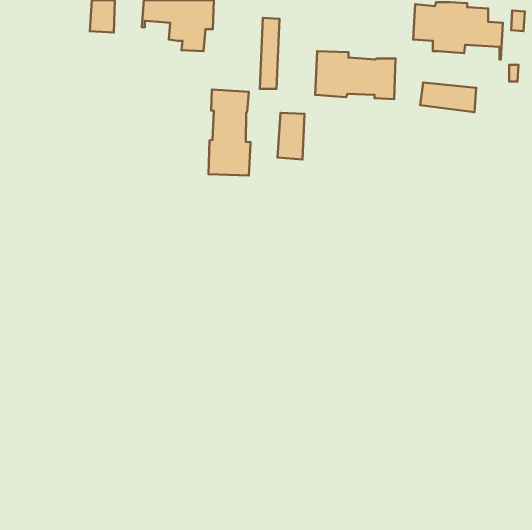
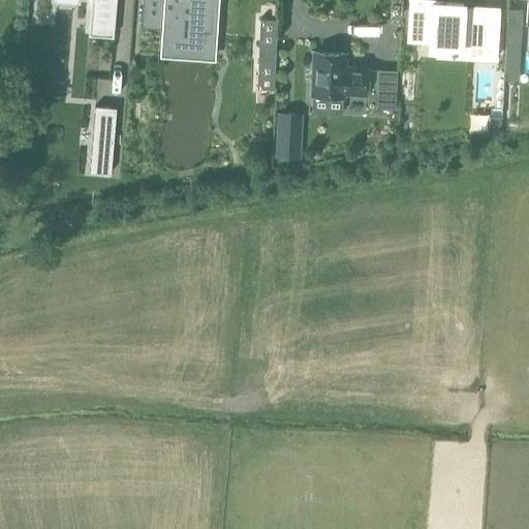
building: [420,82,476,112] -> none
building: [209,89,251,176] -> none
building: none -> [91,110,117,177]

